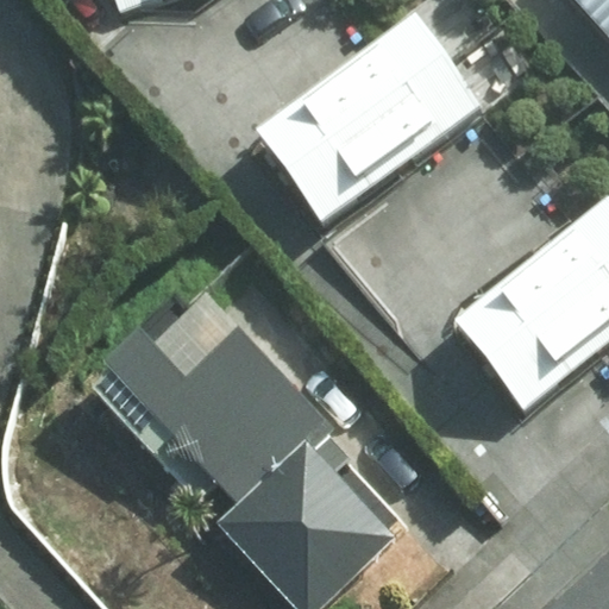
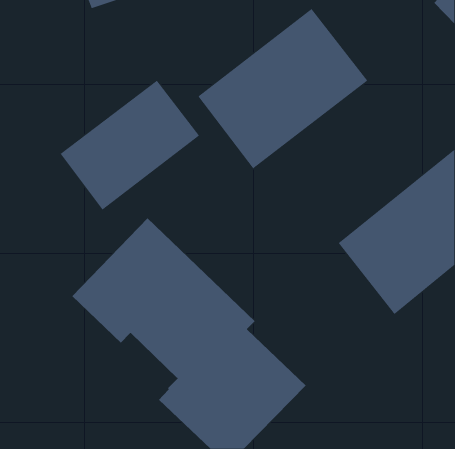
building: none -> [60,80,200,210]

